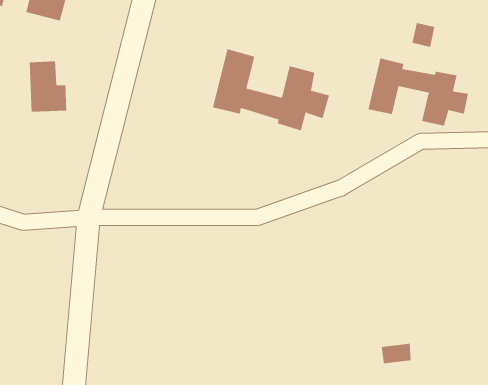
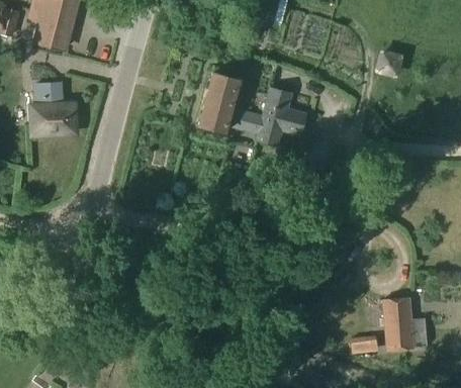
building: [368,58,469,127] -> none
building: none -> [389,294,418,355]

